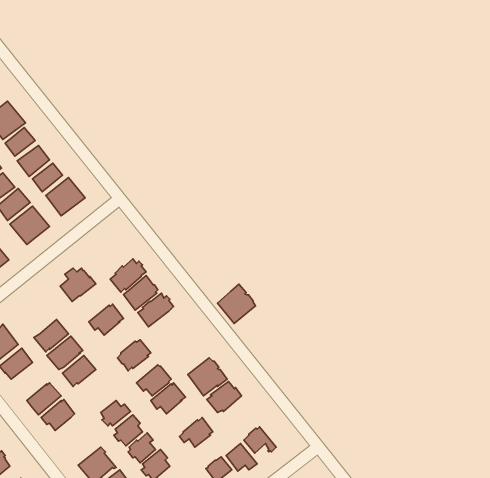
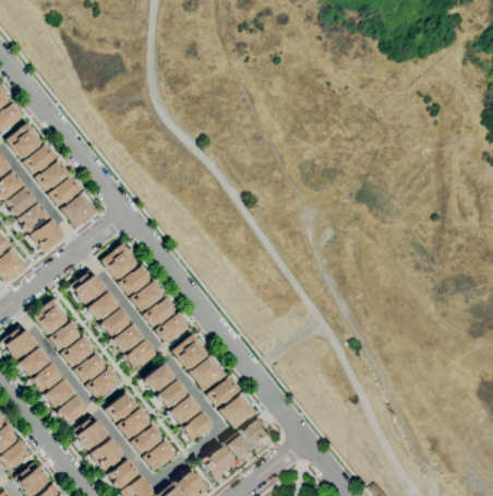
building: none -> [103,244,139,280]
building: [217,284,256,324] -> [175,334,209,370]
building: none -> [87,292,119,320]
building: none -> [34,300,69,335]
building: none -> [157,312,189,344]
building: none -> [112,323,145,353]
building: none -> [32,363,62,392]
building: none -> [88,368,120,399]
building: none -> [169,394,202,423]
building: none -> [223,394,255,428]
building: none -> [73,417,108,450]

